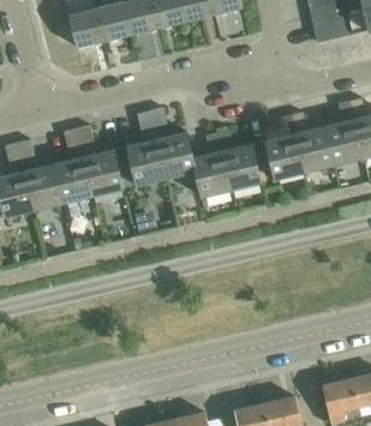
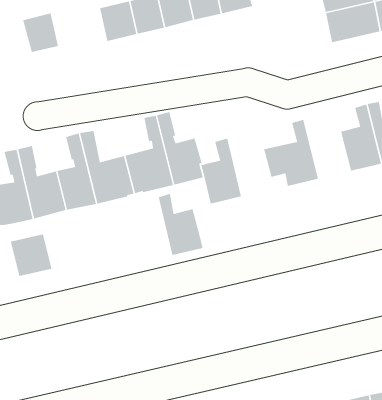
building: [68,8,103,47] -> [22,12,59,53]
building: [291,112,335,172] -> none
building: [219,128,262,188] -> [158,193,203,256]
building: none -> [10,233,52,277]

